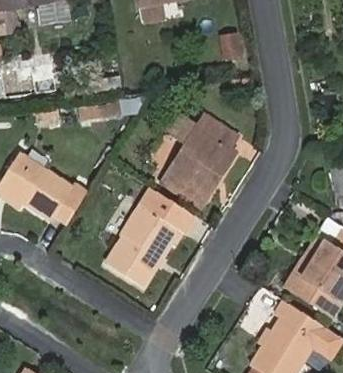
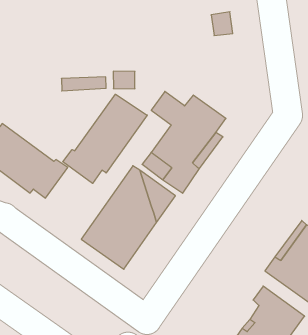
building: none -> [63,94,147,183]

